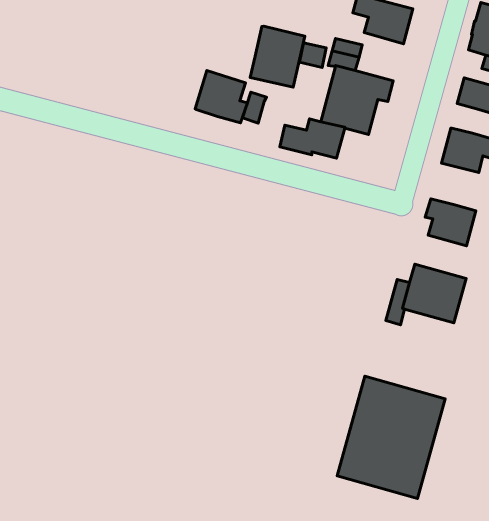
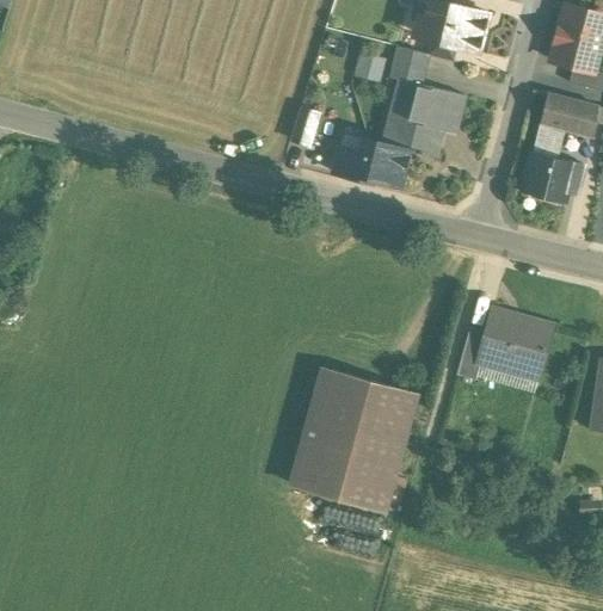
building: [250,26,305,87] -> none
building: [195,70,247,123] -> none
building: none -> [534,122,565,156]
building: [425,199,476,246] -> none
building: [337,376,445,499] -> [291,368,417,510]

